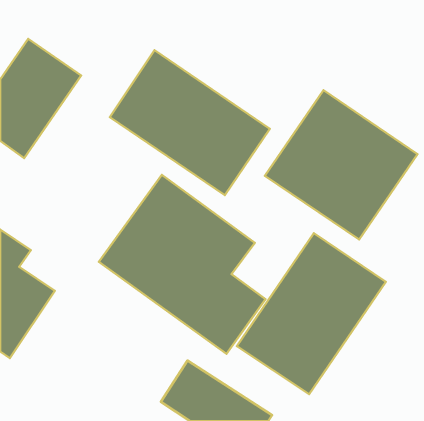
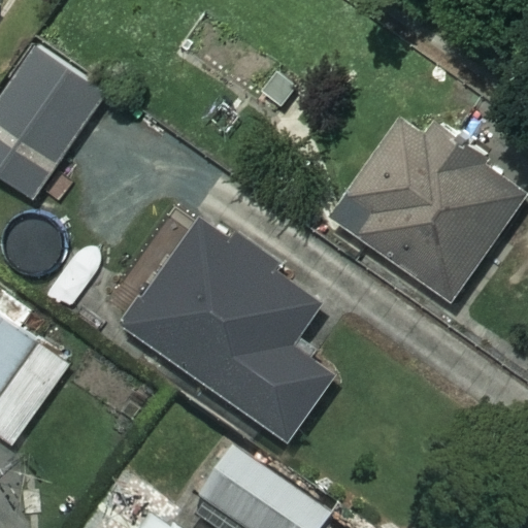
building: [110,50,270,195] -> none
building: [237,233,386,394] -> none

